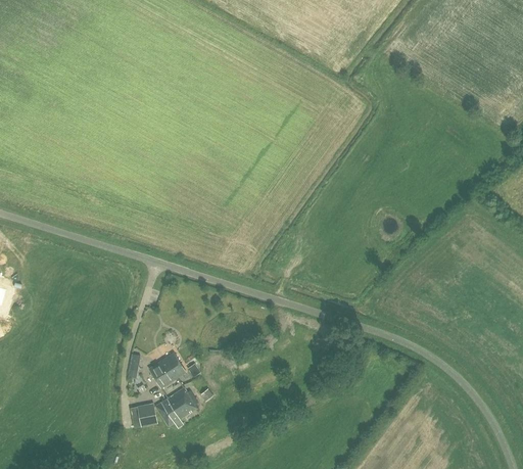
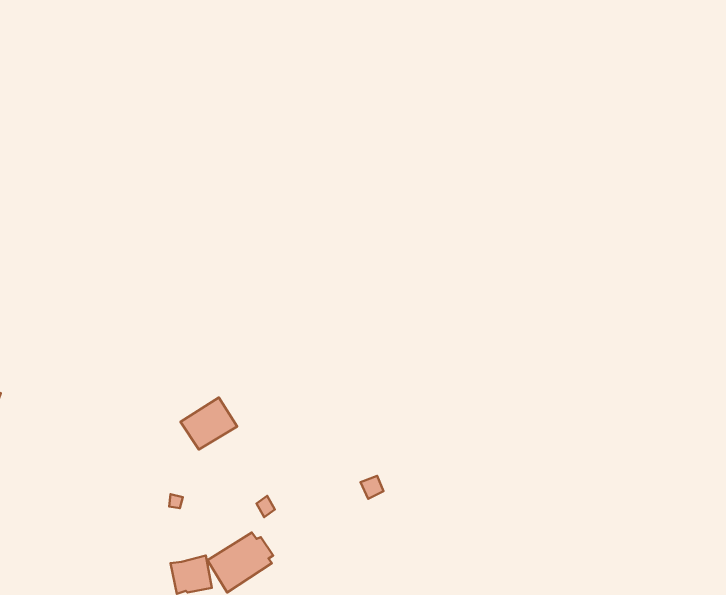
building: [148,353,186,387] -> [181,397,237,450]

